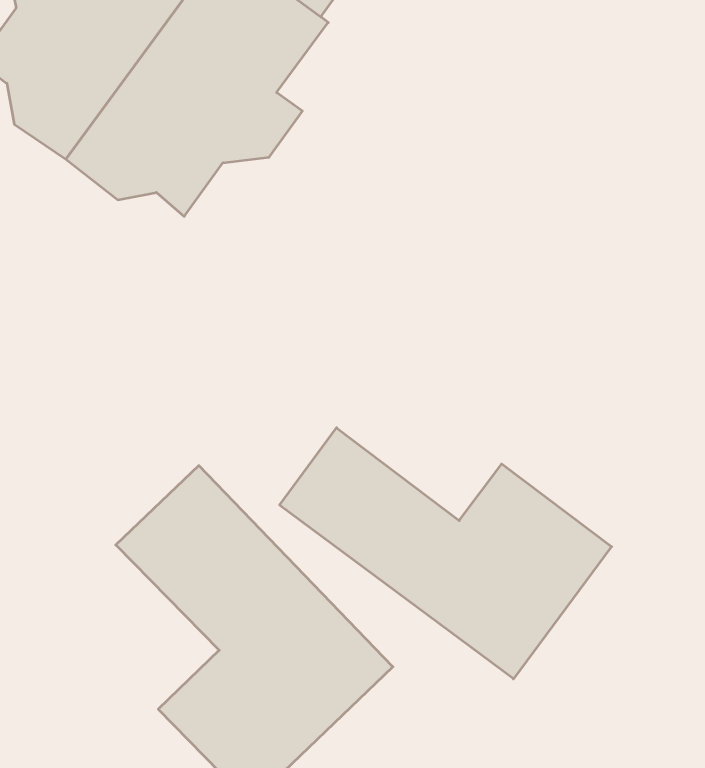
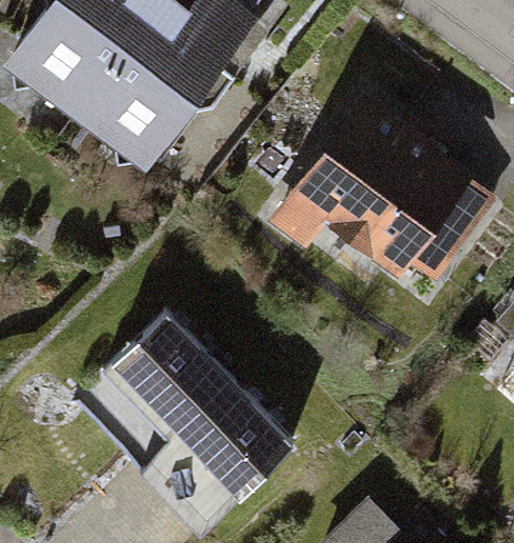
building: none -> [296,108,490,279]
building: [280,428,612,679] -> none

